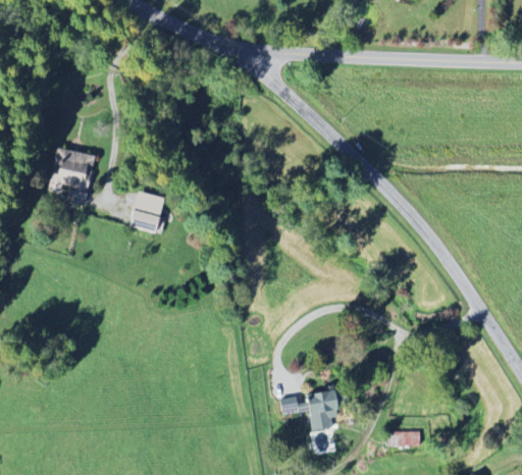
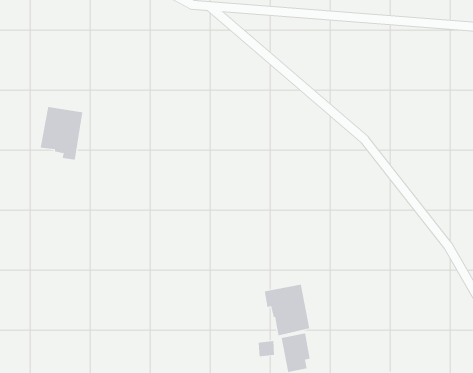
building: [127,191,169,233] -> none
building: none -> [264,284,310,336]

